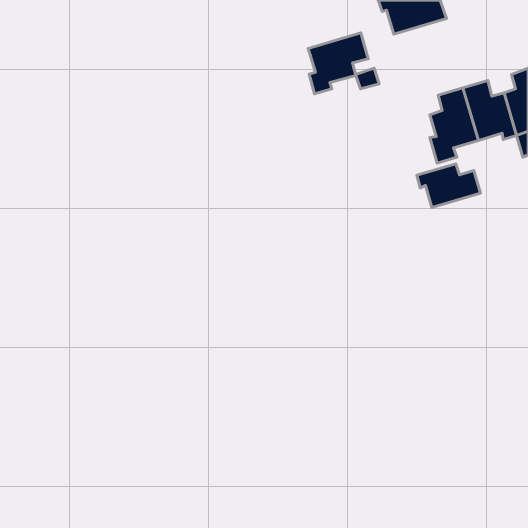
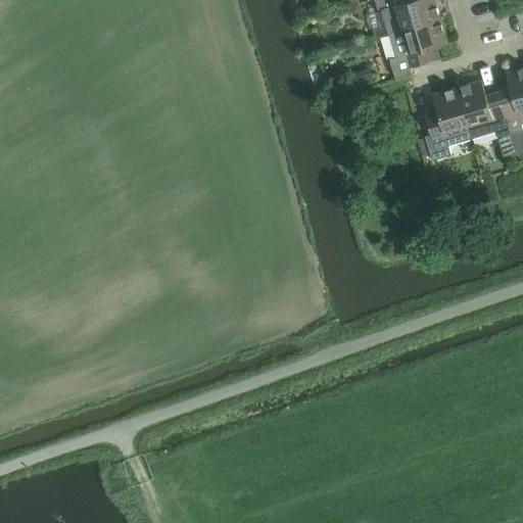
building: [308,33,368,94] -> [389,18,448,79]
building: [417,164,481,208] -> none

